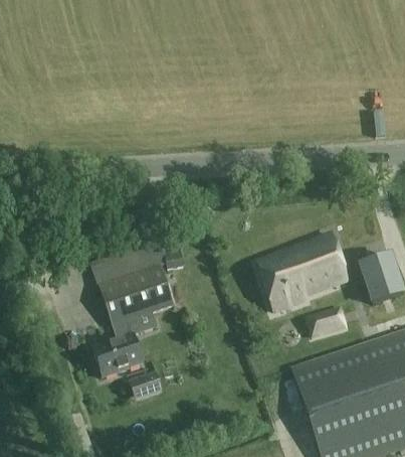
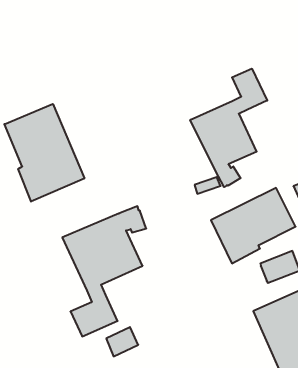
building: none -> [190,69,267,187]
building: none -> [4,104,84,202]

